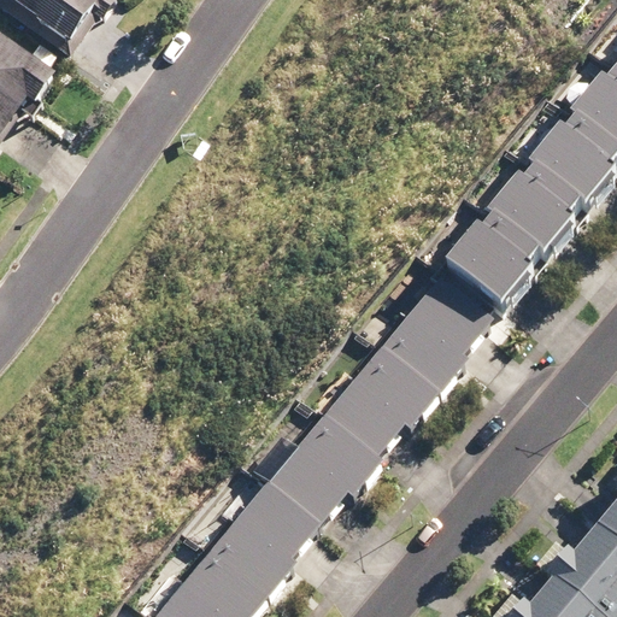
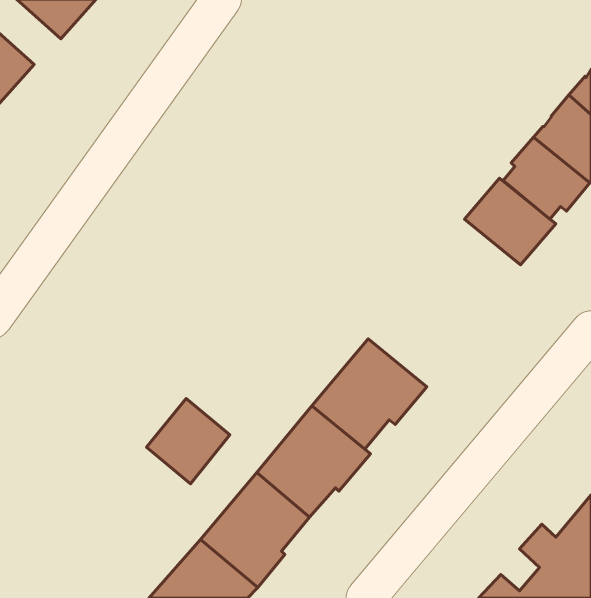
building: [442,225,535,316] -> none
building: [378,280,490,398] -> none
building: none -> [147,398,230,484]

